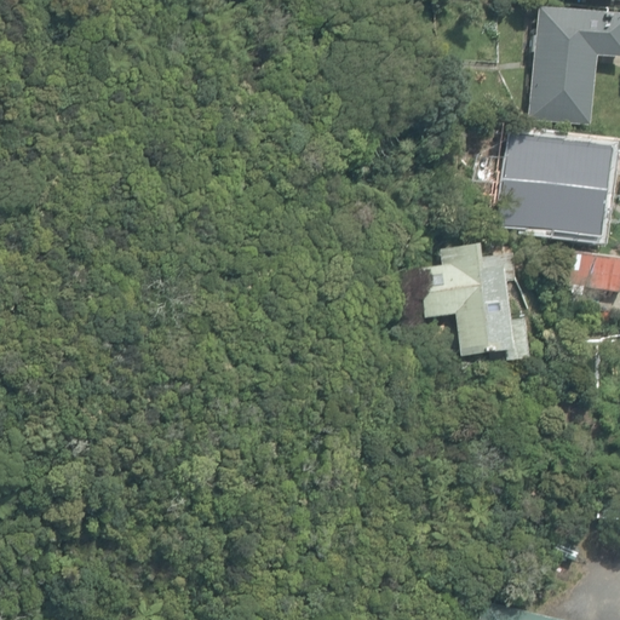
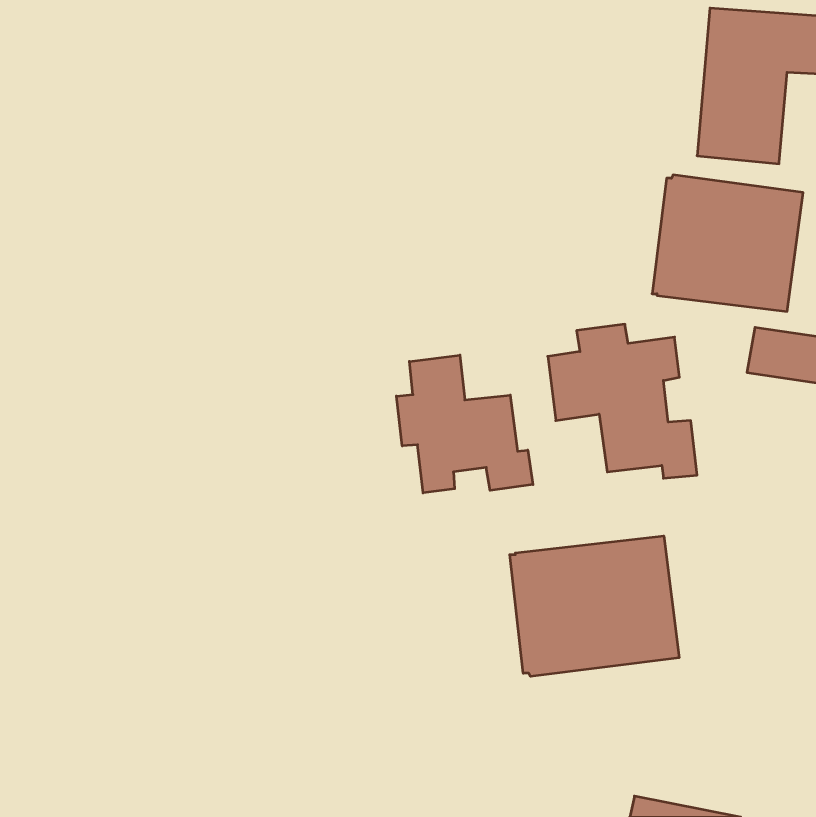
building: none -> [396,355,533,493]
building: none -> [510,536,679,676]

